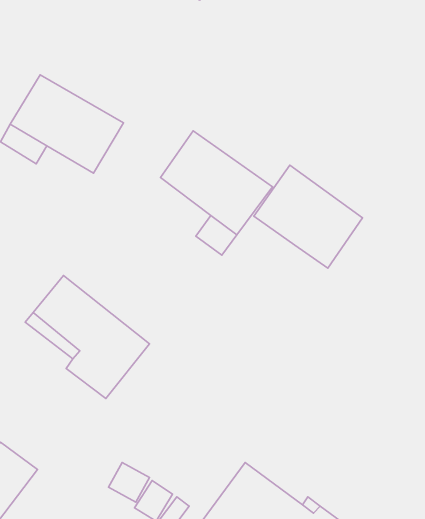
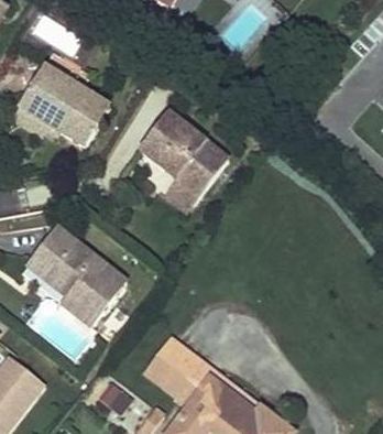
building: [254,165,362,268] -> none
building: none -> [142,336,198,393]

